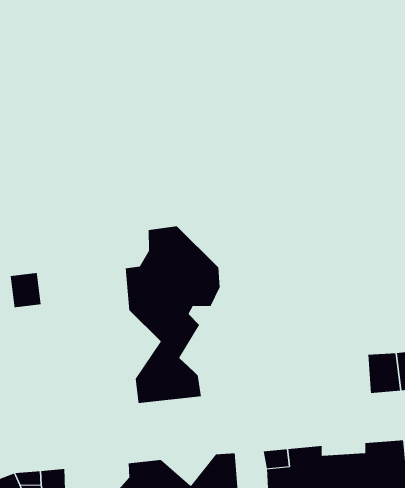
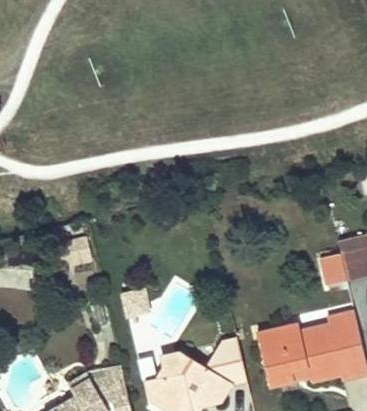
building: [125,225,220,404] -> none

